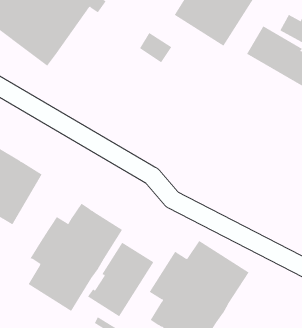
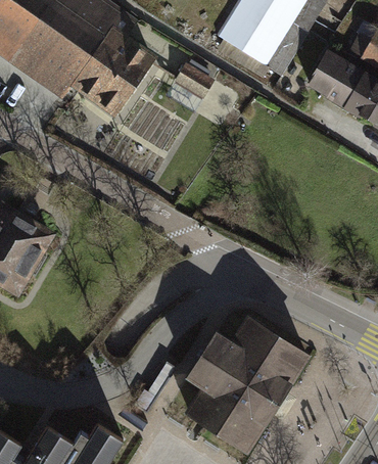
building: none -> [72,28,156,117]
building: [28,203,123,312] -> none
building: [87,242,154,317] -> none

